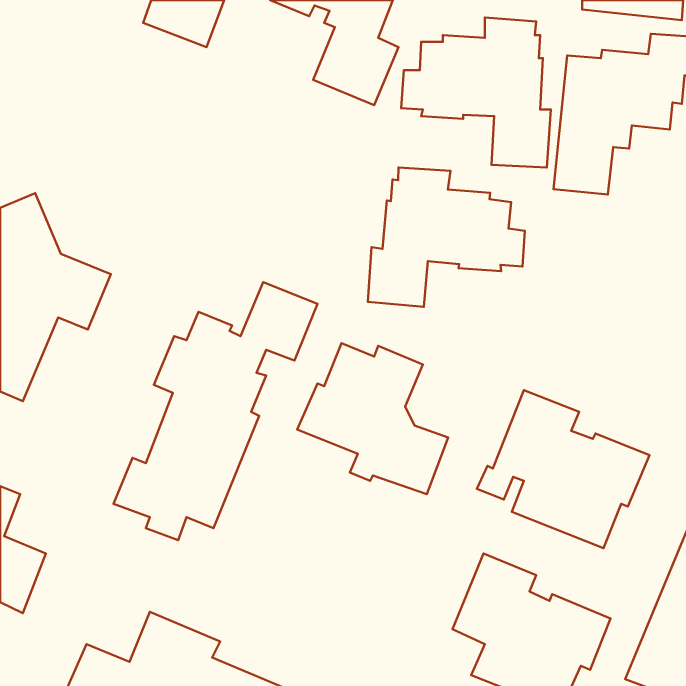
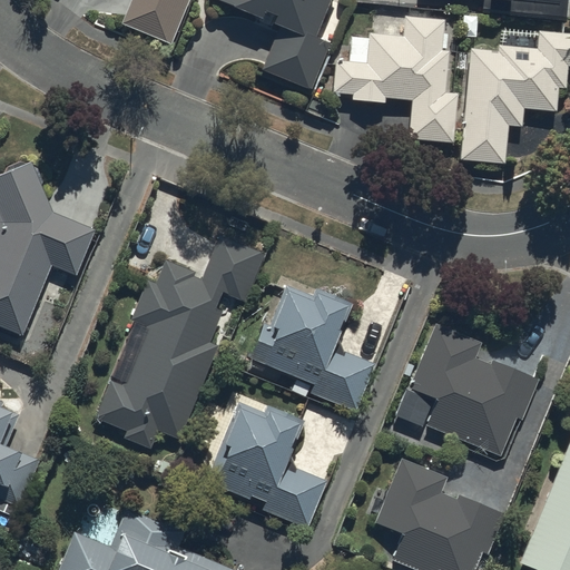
building: [368,168,525,307] -> none
building: none -> [209,404,325,528]

